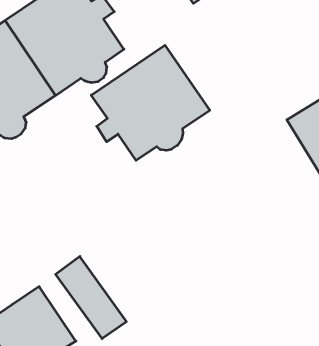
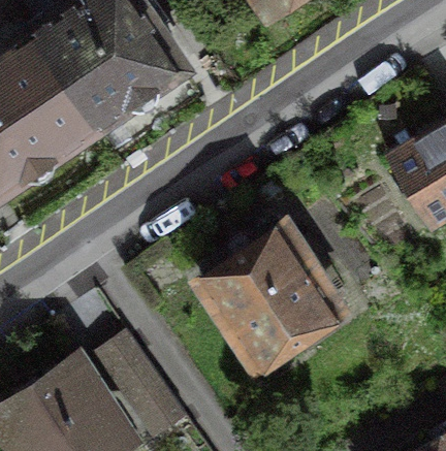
building: [91,45,210,160] -> none
building: none -> [199,228,337,372]

